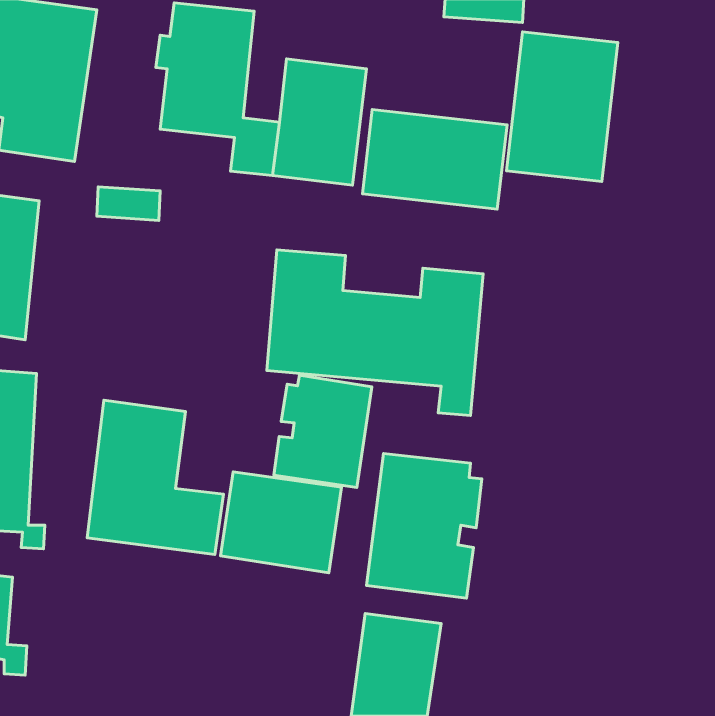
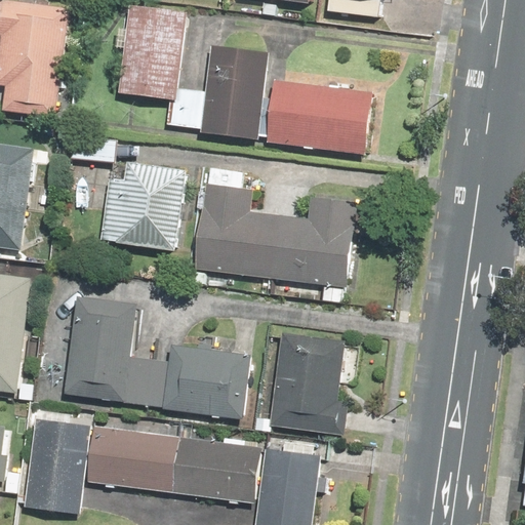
building: [507,32,618,182] -> none
building: none -> [99,163,183,249]
building: [274,375,372,488] -> none
building: none -> [25,418,88,514]
building: none -> [88,433,261,500]

